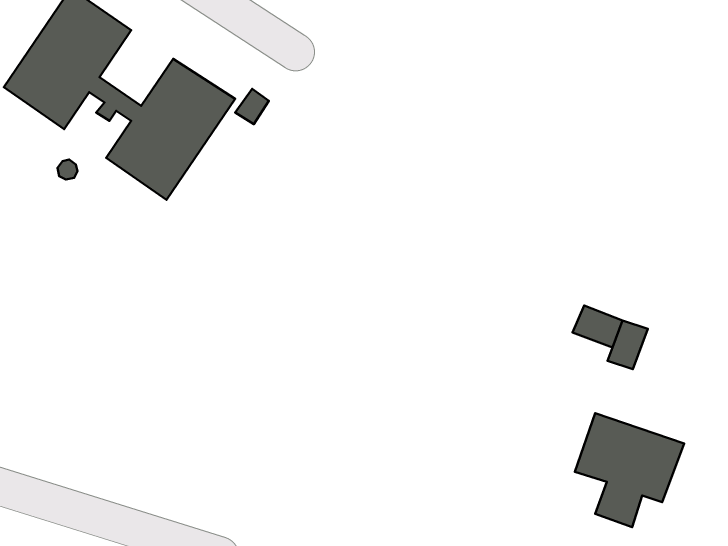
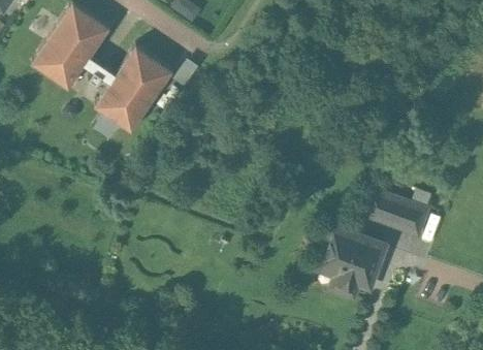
building: [575,413,684,527] -> [319,228,386,298]

